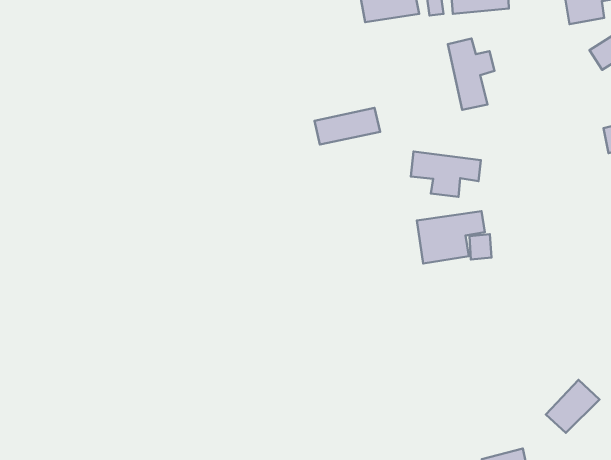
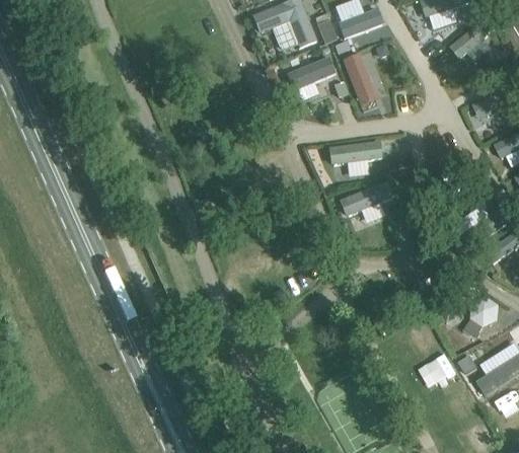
building: [315,108,380,145] -> [286,56,337,90]

